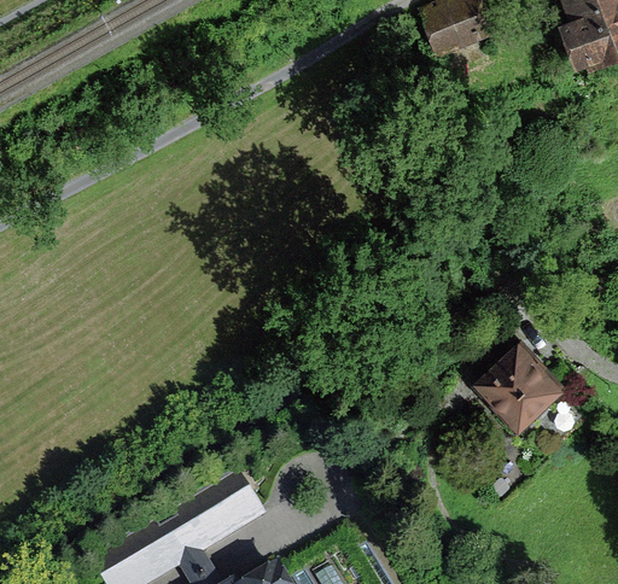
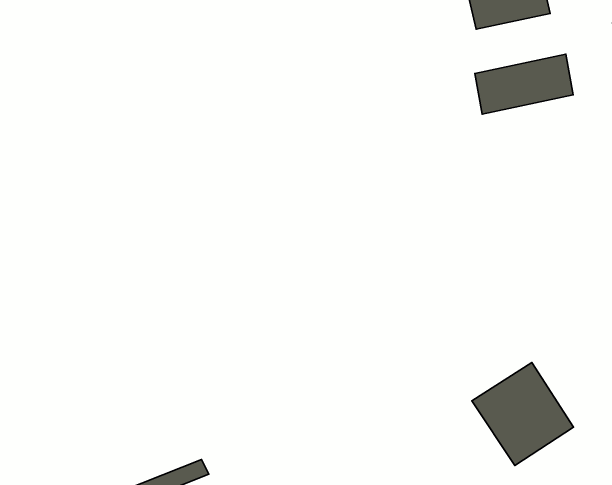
building: none -> [475,54,573,114]

